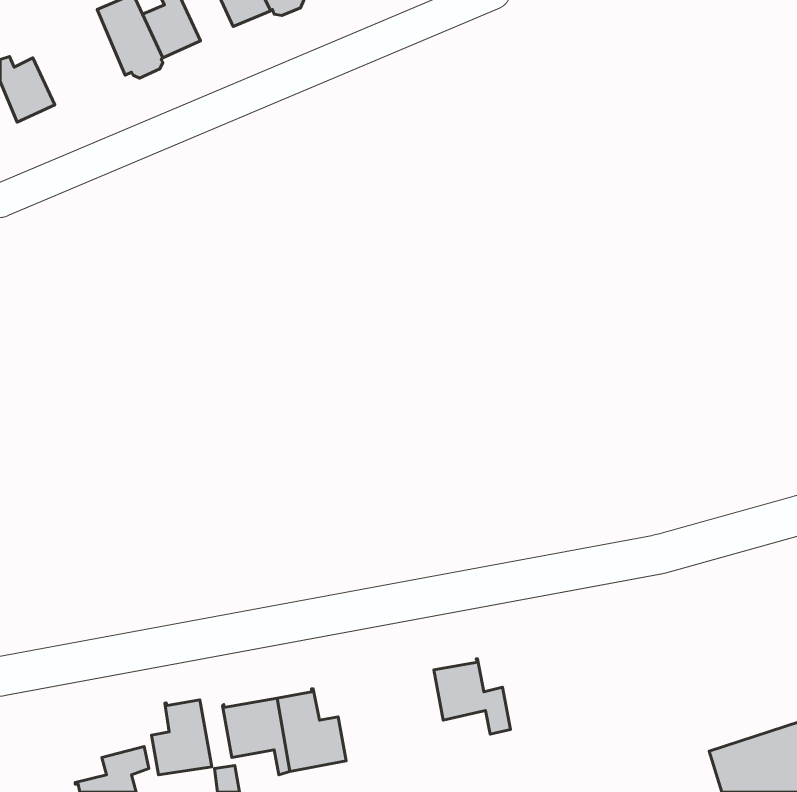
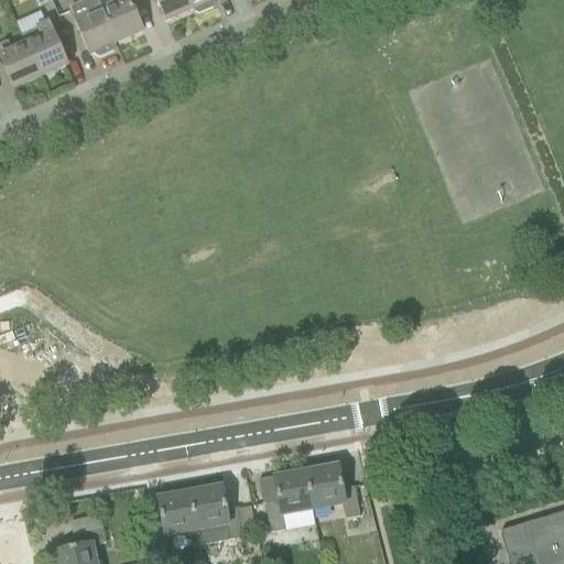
building: none -> [22,22,67,74]
building: none -> [267,471,314,530]
building: [152,700,212,775] -> none

